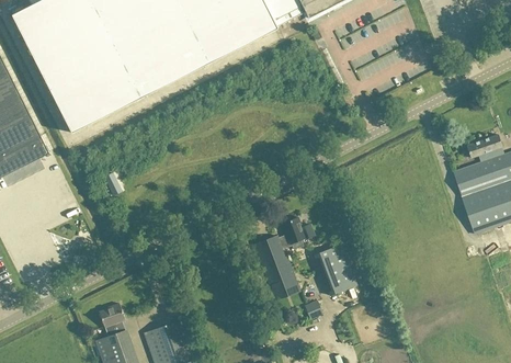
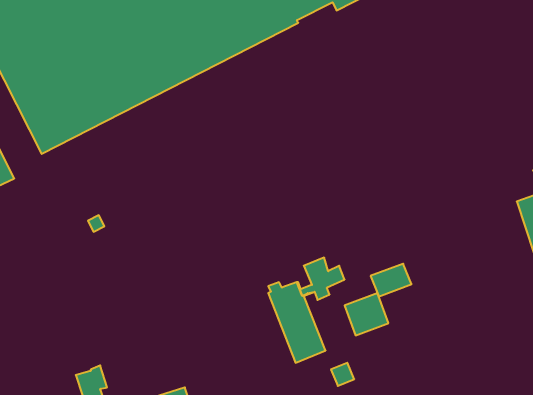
building: [323,269,356,295] -> [371,264,412,296]

